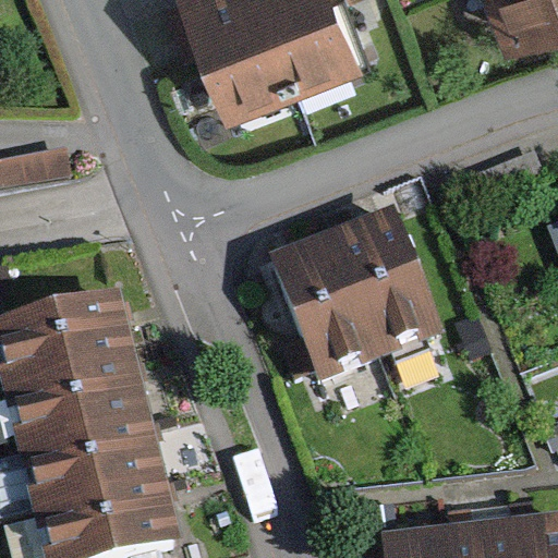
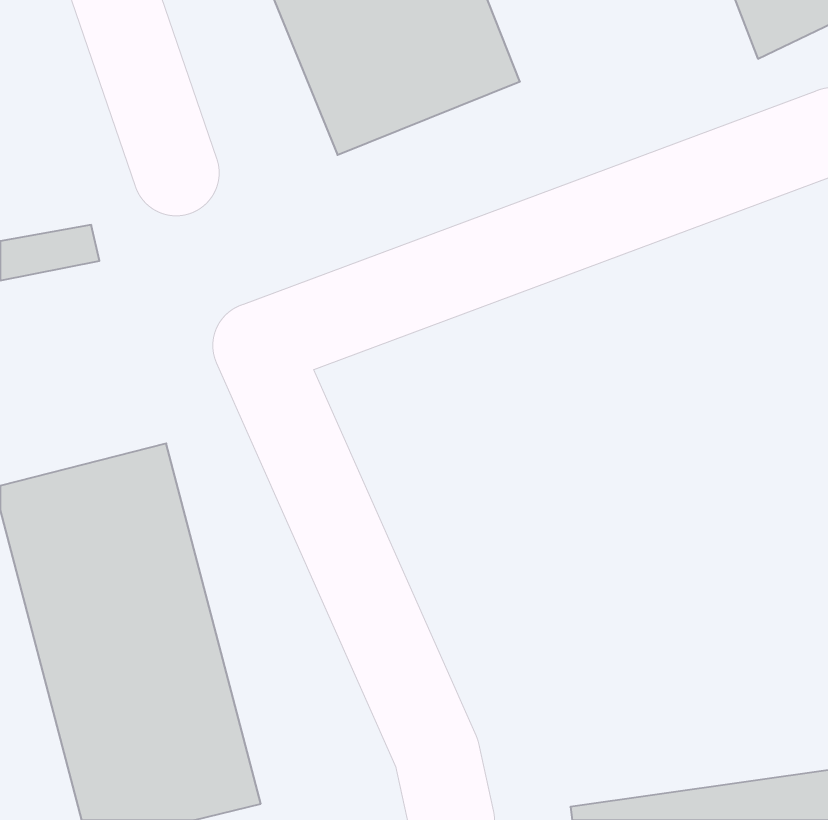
building: [268,216,430,380] -> none

